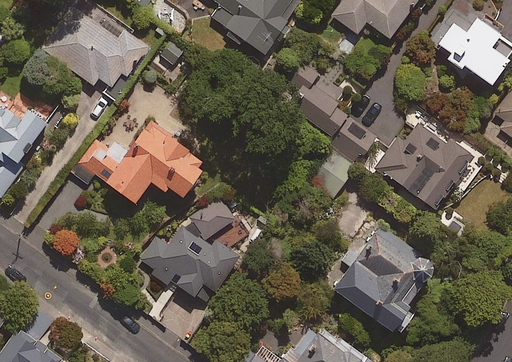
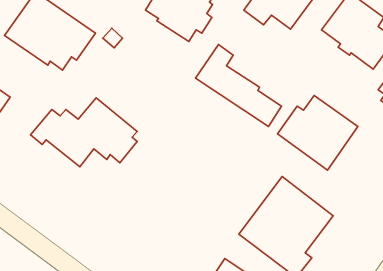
building: [138,199,239,304] -> none

